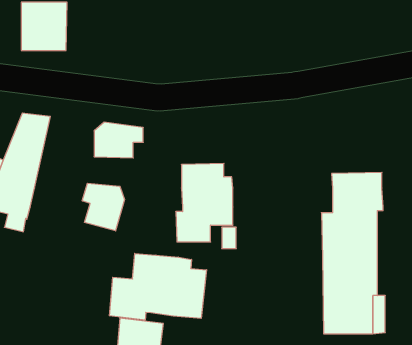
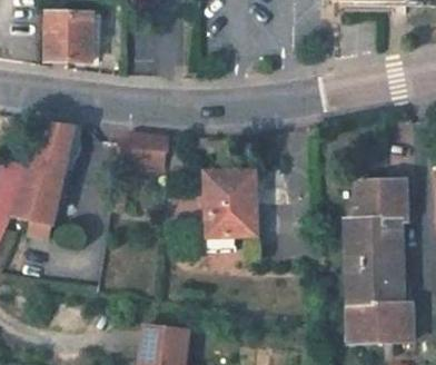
building: [82,183,125,231] -> none
building: [109,253,207,320] -> none

